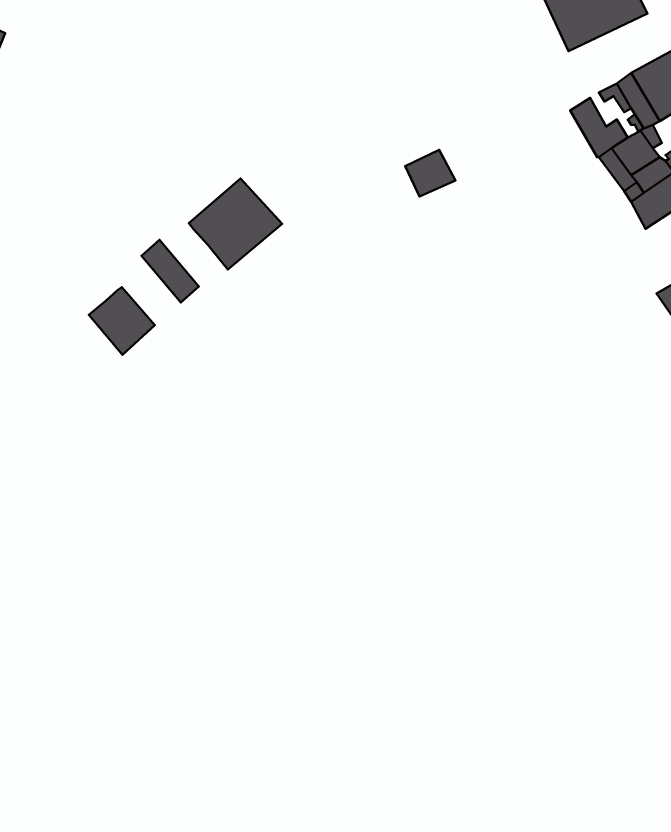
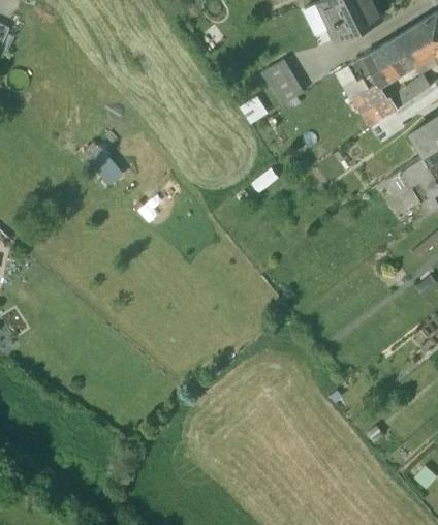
building: none -> [262,60,303,105]
building: [189,179,282,270] -> none
building: [89,287,155,355] -> none

